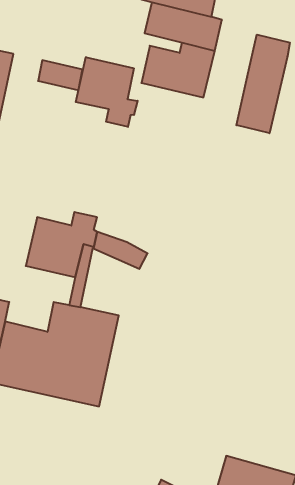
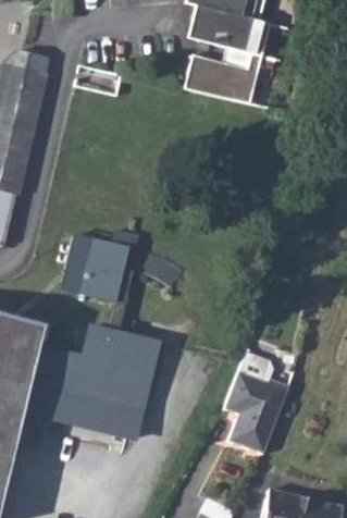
building: [236,35,290,133] -> none
building: [76,57,138,127] -> none
building: none -> [218,349,286,452]

